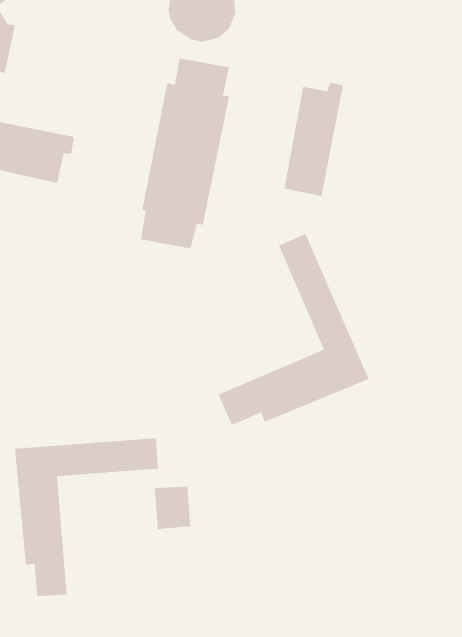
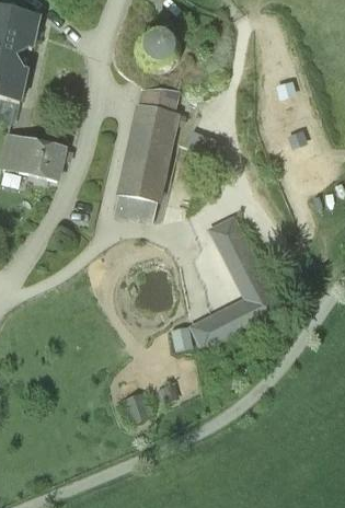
building: [284,82,344,197] -> none
building: [15,438,158,597] -> none

